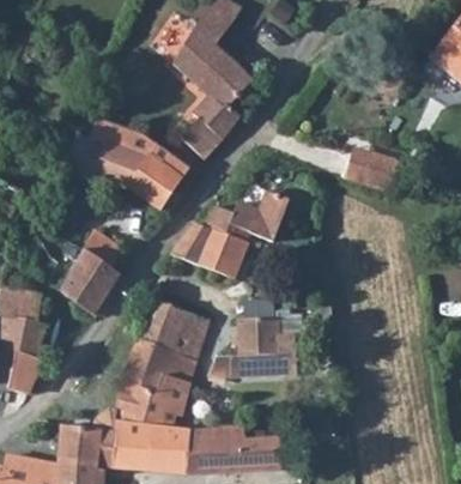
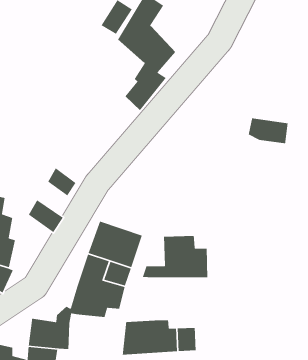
building: [92,117,188,206] -> none
building: [170,195,289,279] -> none
building: [72,248,120,295] -> none
building: [114,421,187,474] -> none

